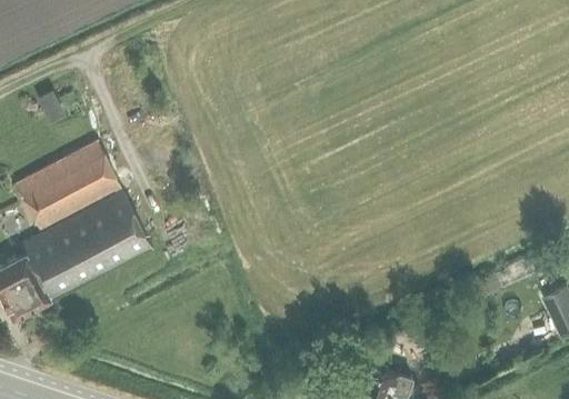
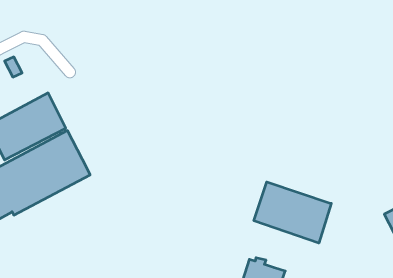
building: none -> [254,182,331,243]

